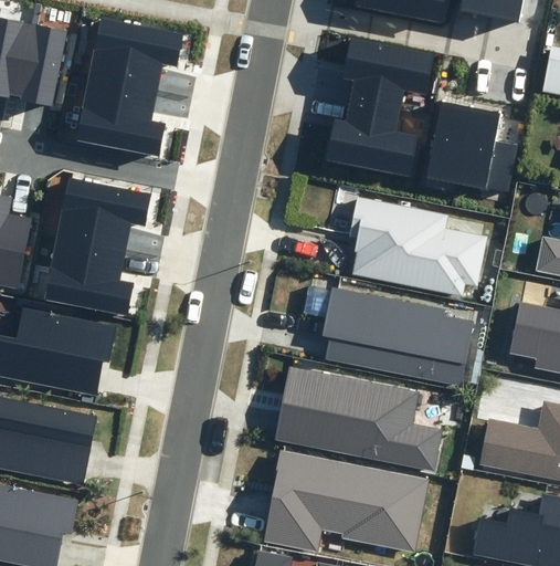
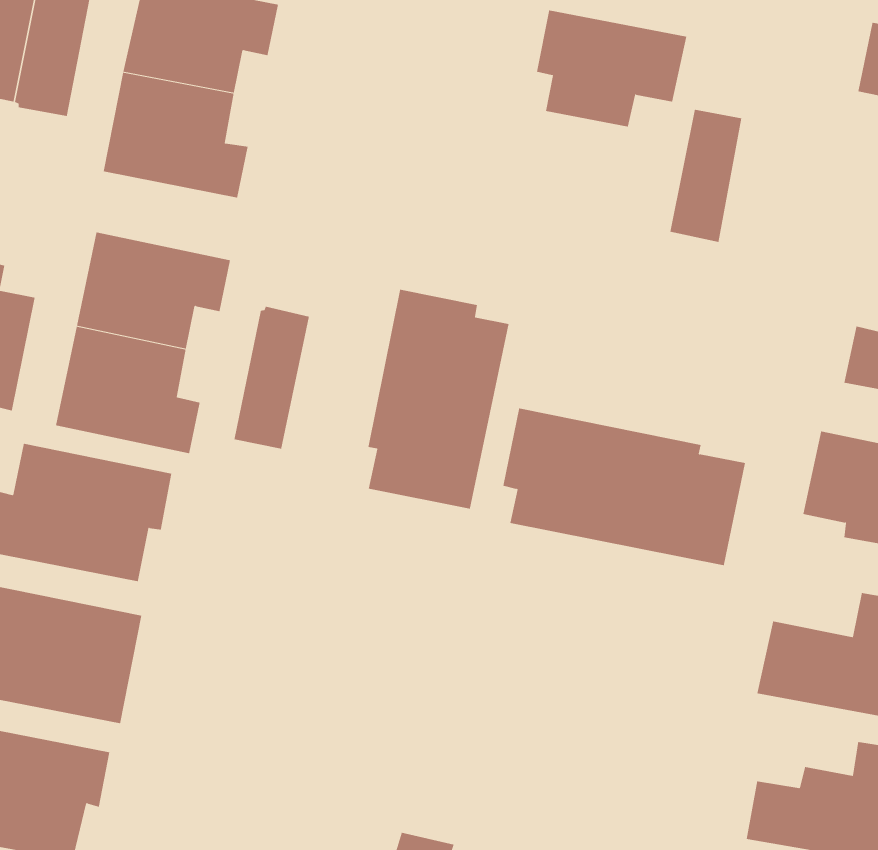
building: [326,102,420,178] -> none
building: [456,106,516,193] -> none
building: [348,197,488,297] -> none
building: none -> [368,289,509,509]
building: none -> [234,306,310,449]
building: [274,366,441,472] -> none
building: [263,450,429,553] -> none

